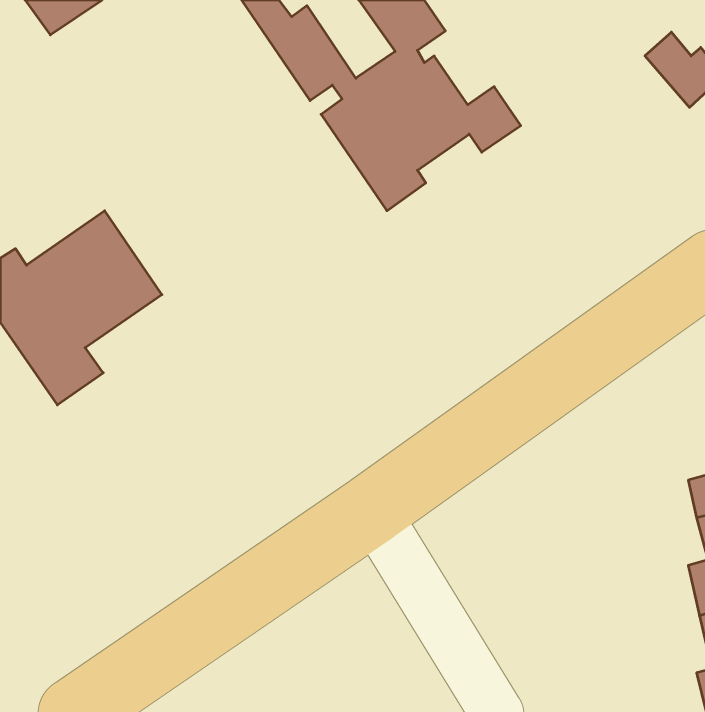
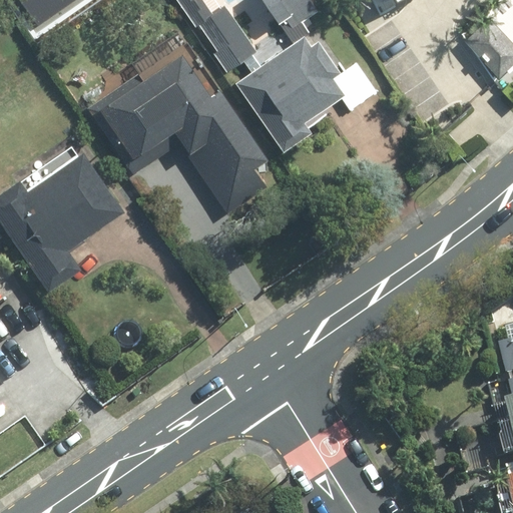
building: none -> [88,50,266,213]

